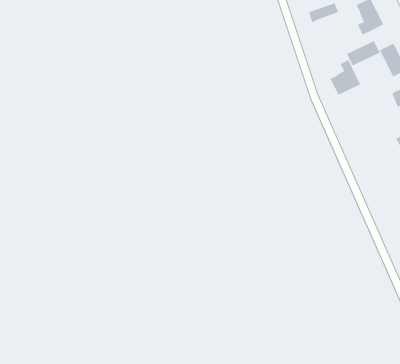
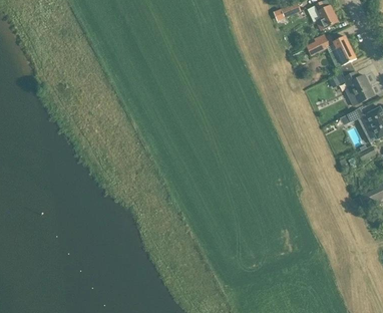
building: [330,59,361,96] -> none

